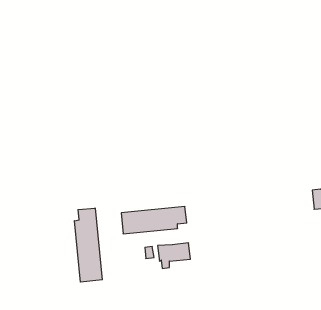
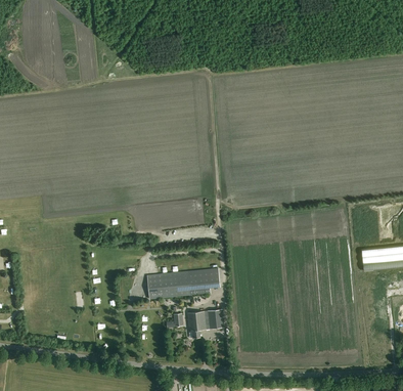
building: [74,208,102,282] -> none

